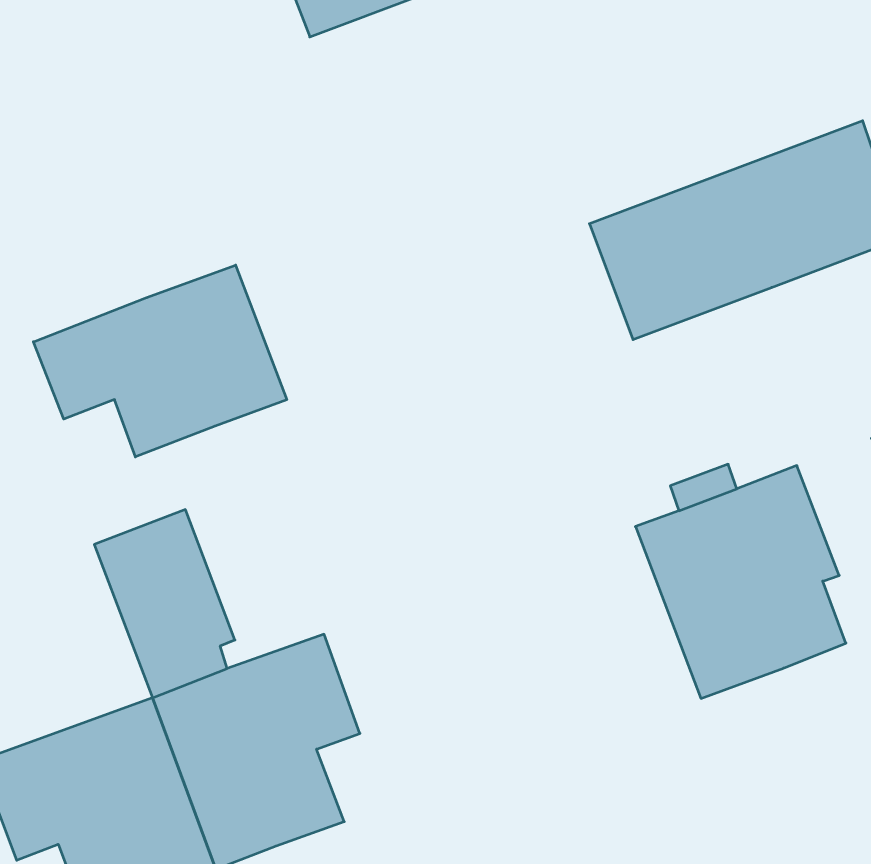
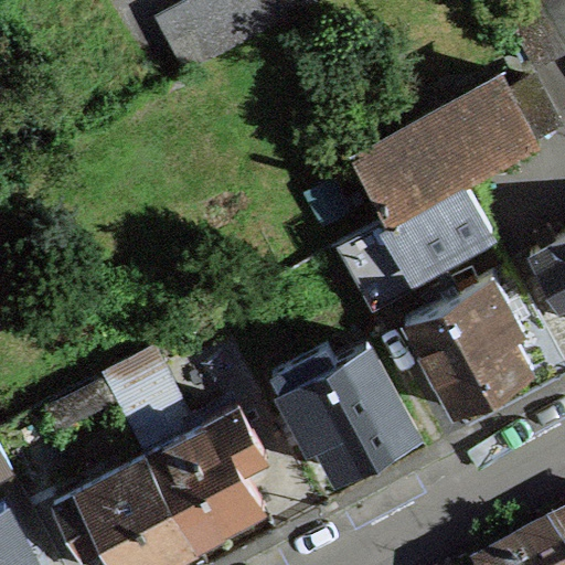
building: [33,265,287,457] -> none
building: none -> [339,182,492,302]
building: none -> [273,347,417,480]

